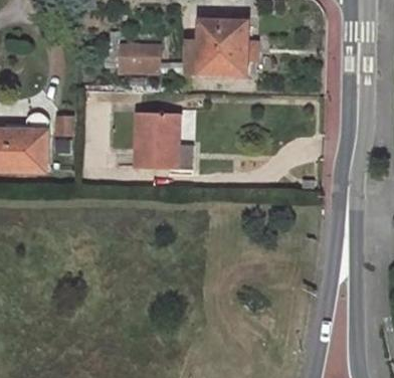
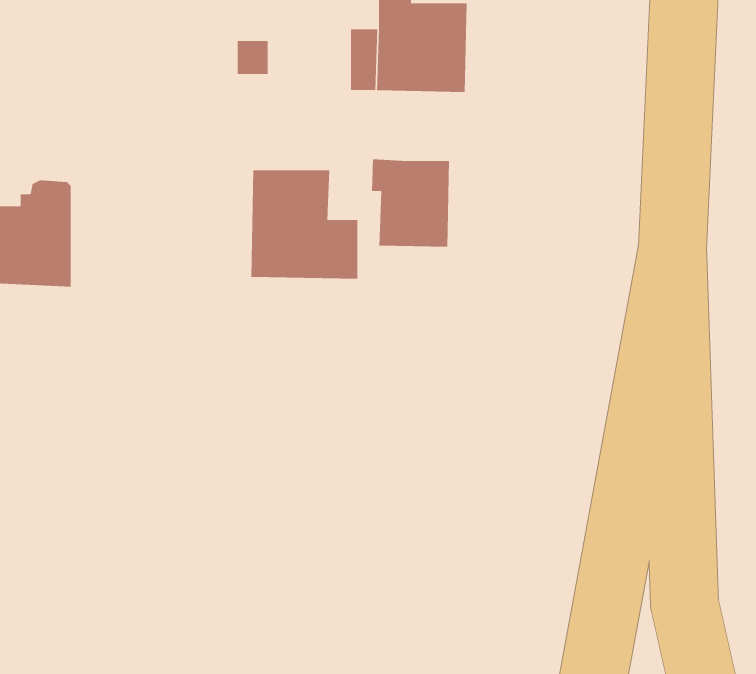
building: none -> [371,159,449,247]

